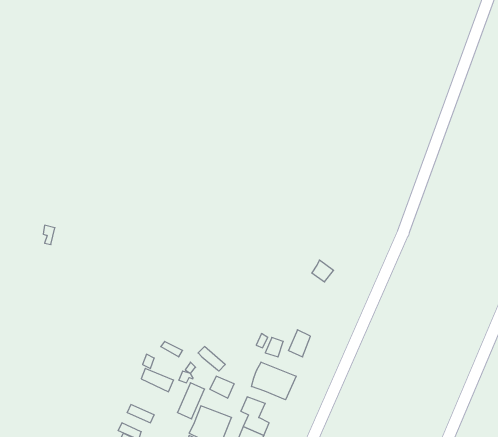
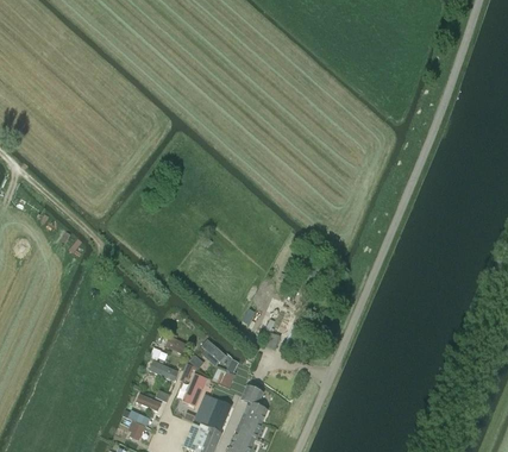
building: [252,362,296,400] -> none

